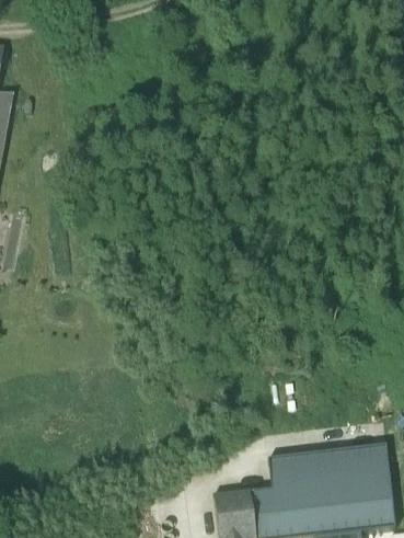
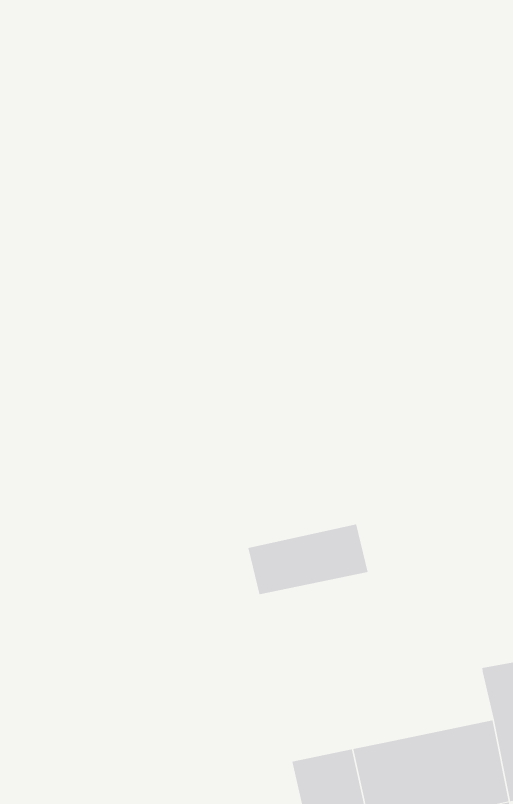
building: [266,449,339,488] -> [247,524,368,595]

